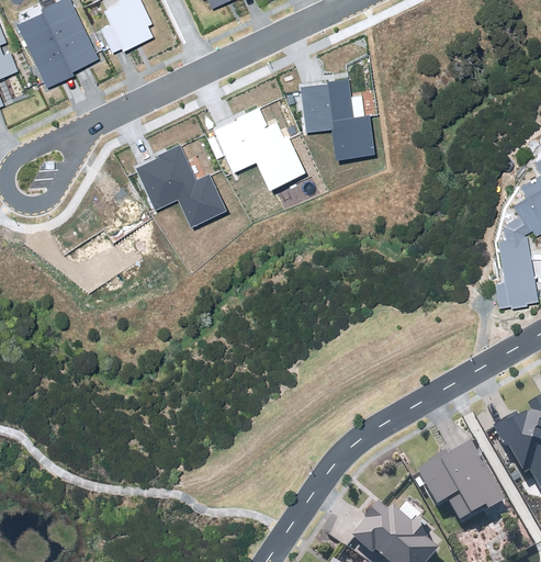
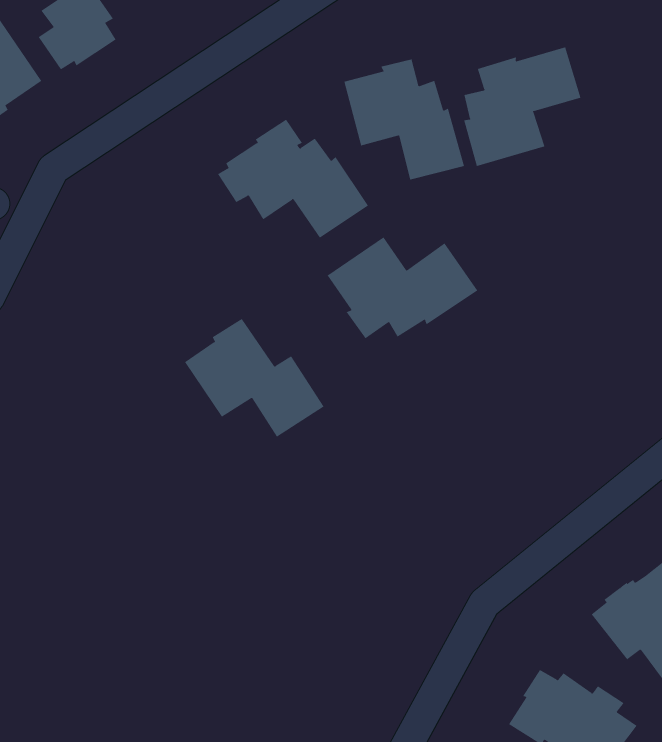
building: none -> [463,47,581,167]
building: [136,144,226,227] -> [184,318,325,438]
building: none -> [327,236,478,339]

